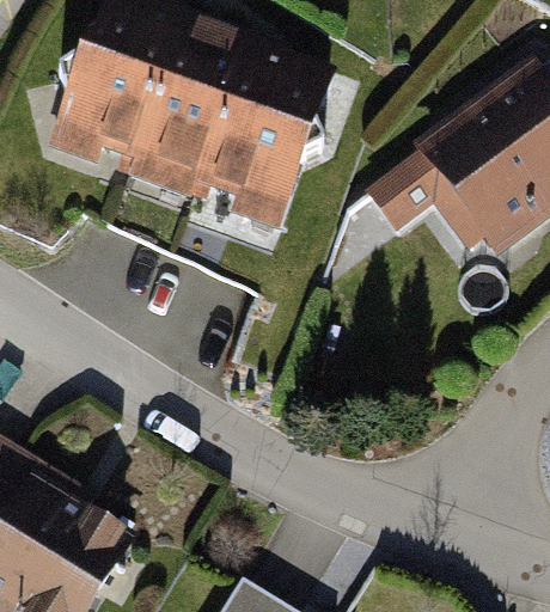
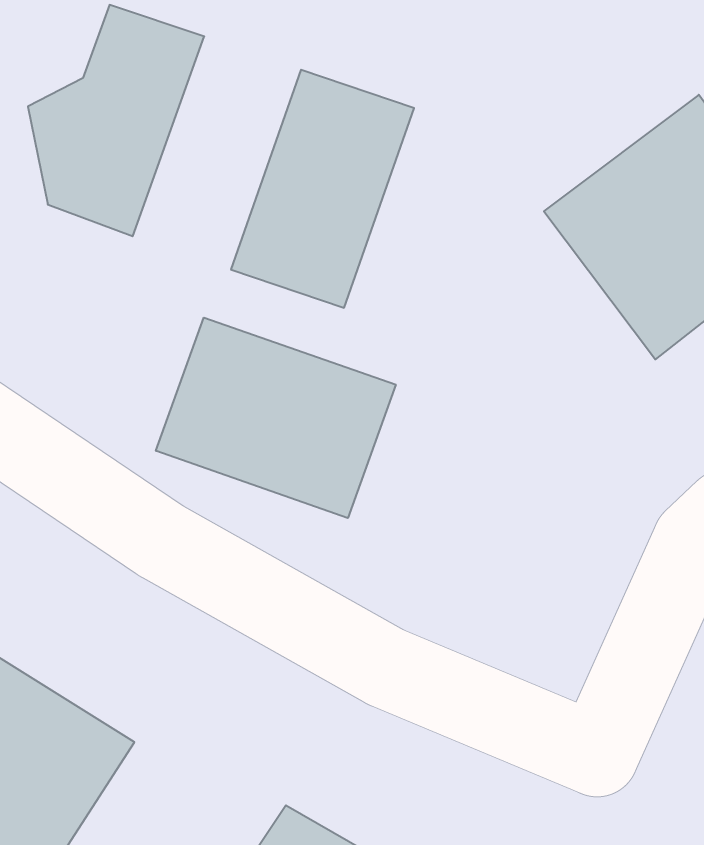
building: [124,26,245,194] -> none
building: none -> [156,318,396,518]

